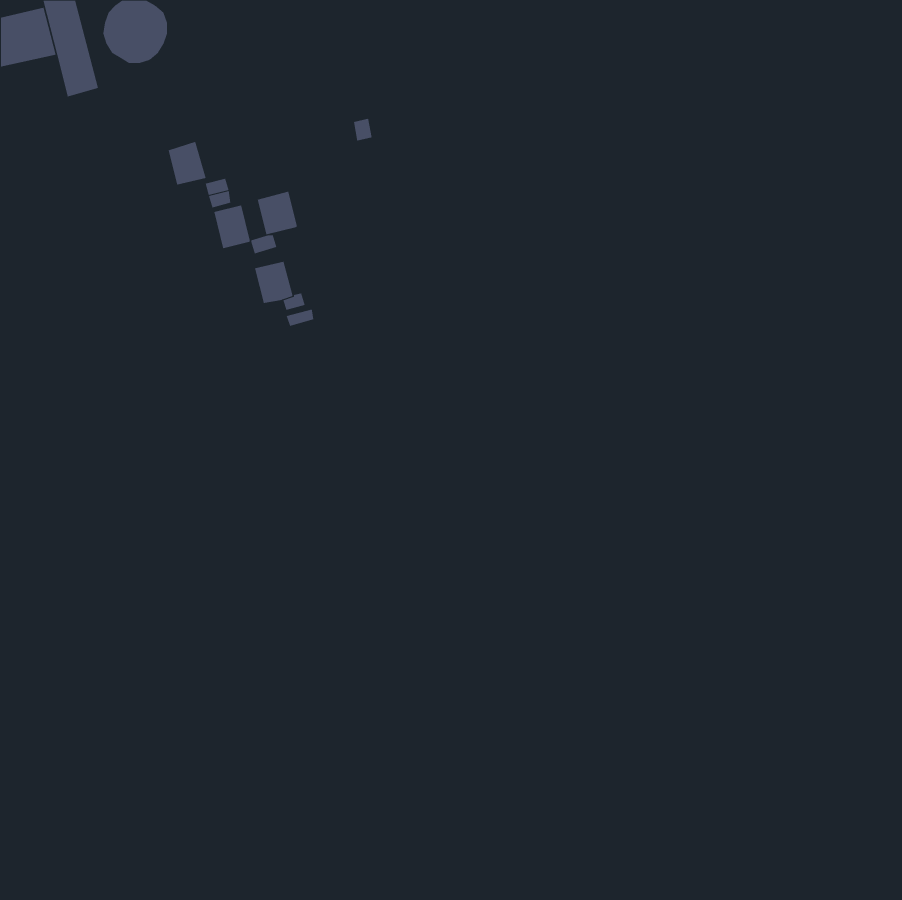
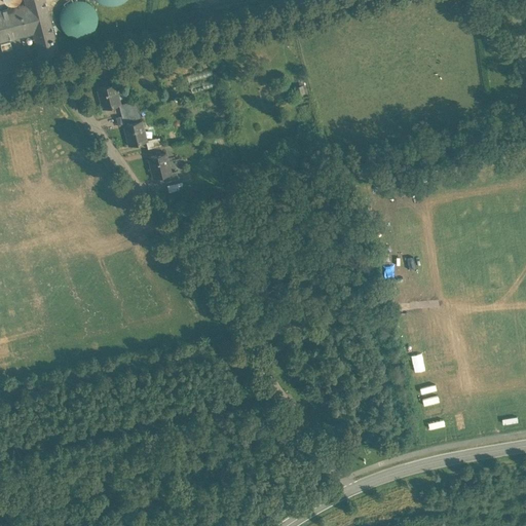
building: [257,191,298,235] -> none

